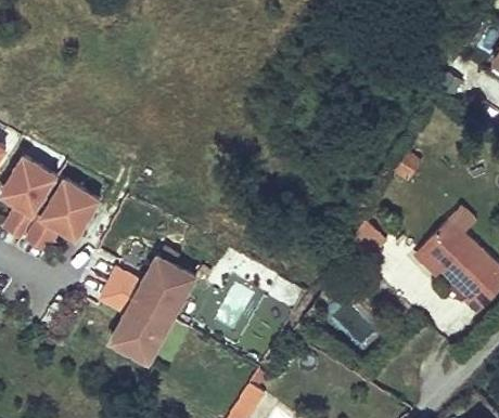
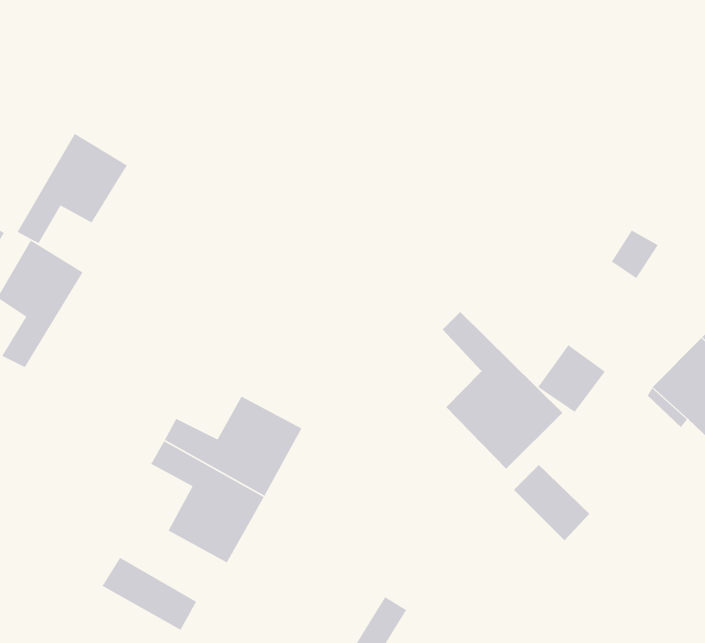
building: [27,180,98,250] -> [16,133,128,244]
building: none -> [442,311,563,470]
building: none -> [102,557,197,631]

